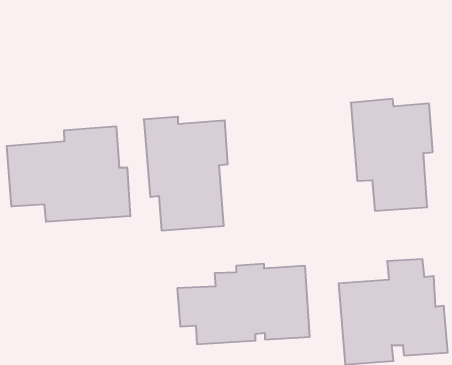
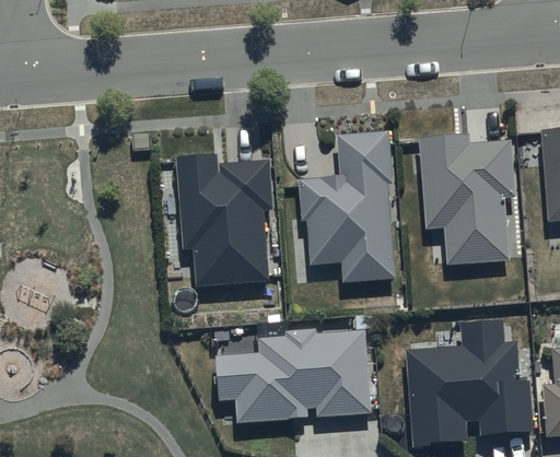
building: none -> [300,130,395,282]
building: [7,126,130,222] -> none

